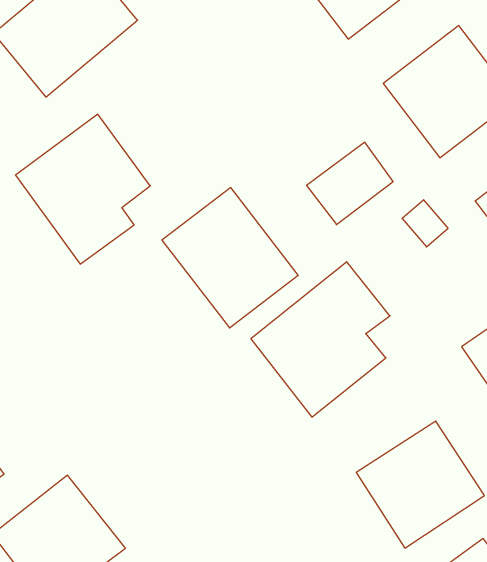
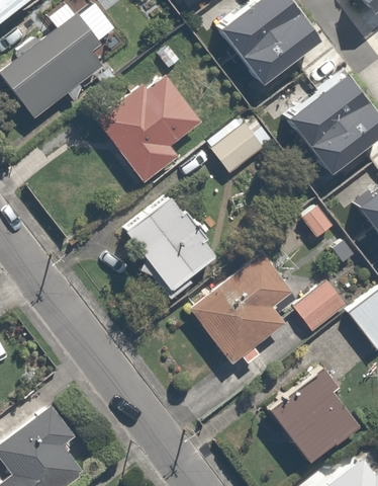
building: [15,114,150,264] -> [97,71,198,183]
building: [307,142,393,225] -> [208,111,273,173]
building: none -> [296,275,355,333]

